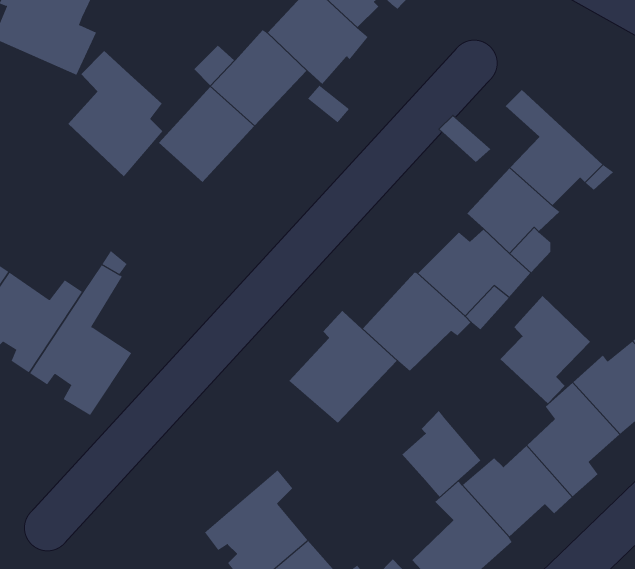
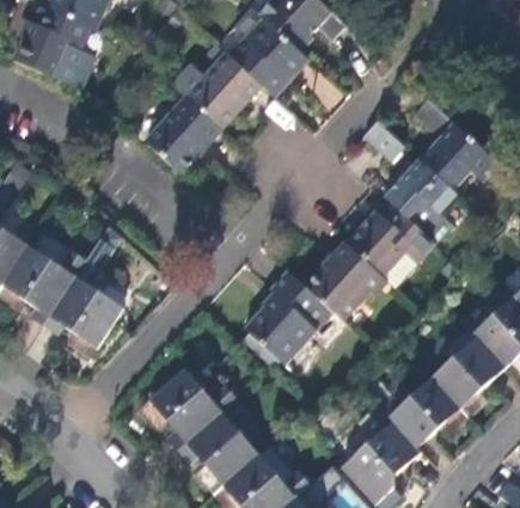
building: [67,50,163,177] -> none
building: [499,295,591,404] -> none
building: [402,410,481,497] -> none
building: none -> [141,366,237,445]

